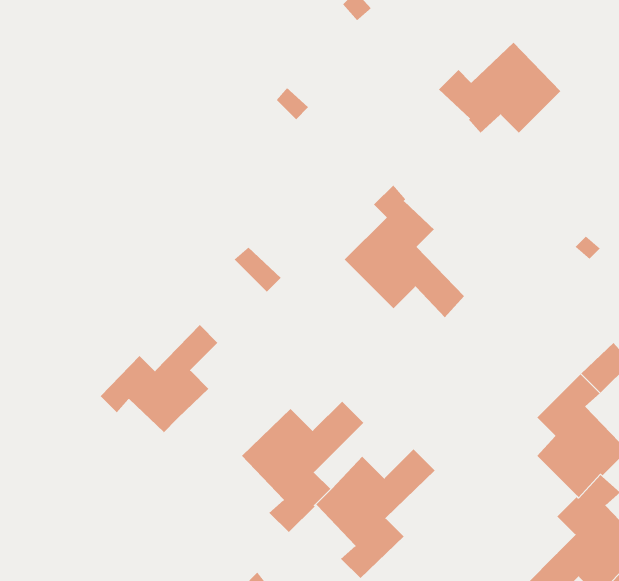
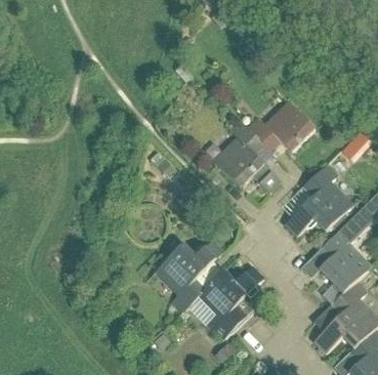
building: [438,42,561,133] -> [246,100,314,152]
building: none -> [285,162,353,235]
building: [100,324,218,434] -> none

